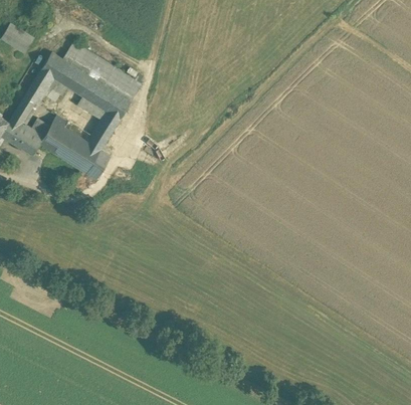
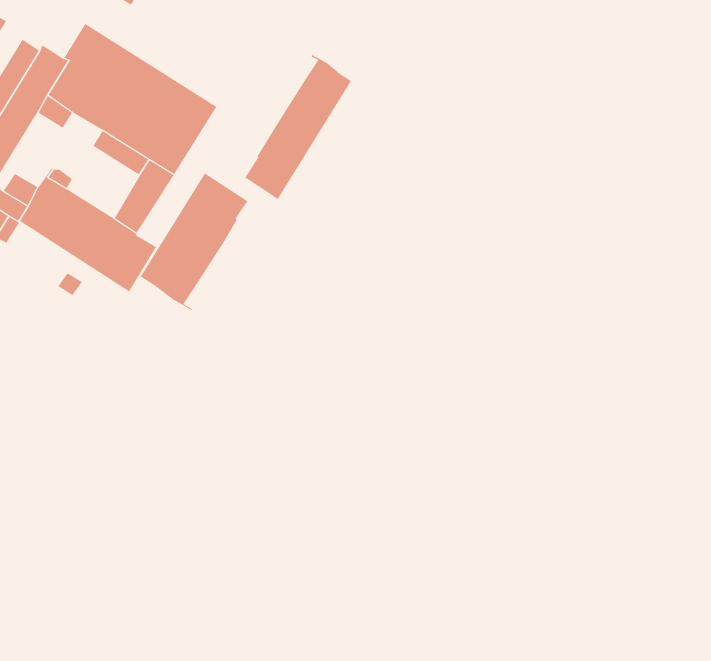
building: none -> [244,54,352,200]
building: none -> [139,172,248,311]

